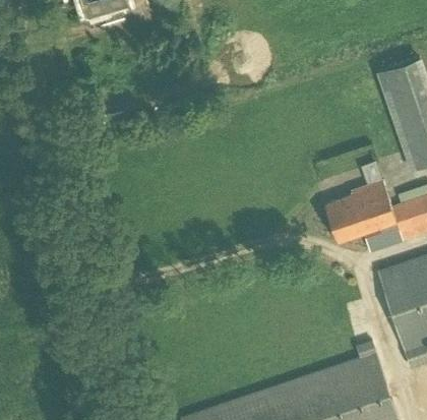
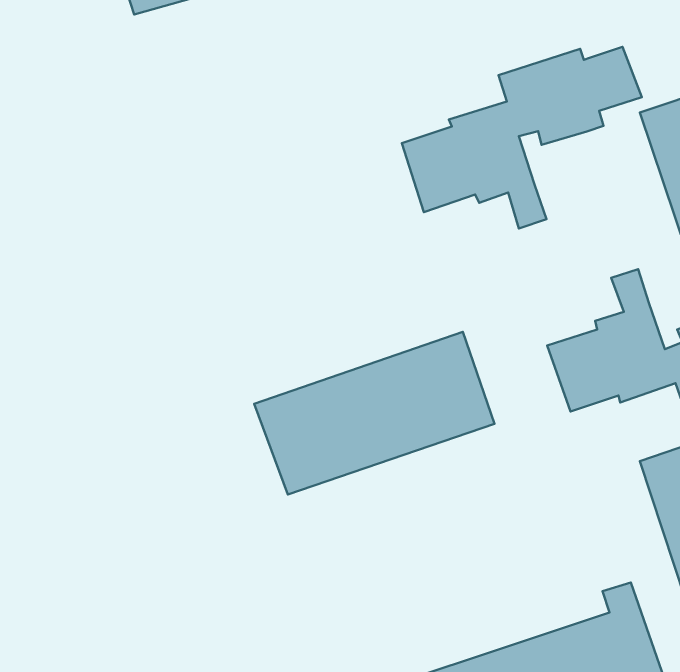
building: none -> [402,47,642,228]
building: none -> [254,332,495,495]

